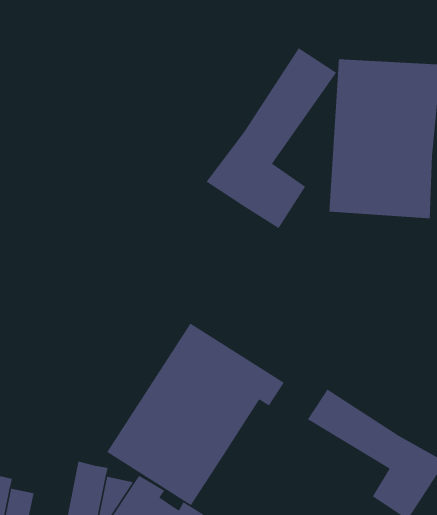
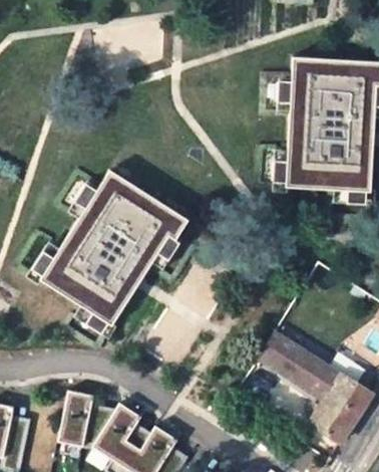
building: [206,47,337,229] -> none
building: [106,323,285,506] -> [45,171,195,324]

